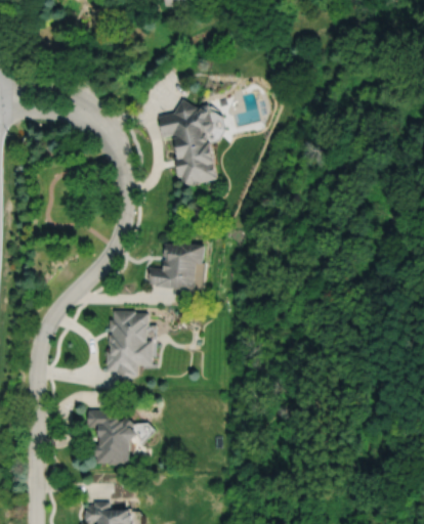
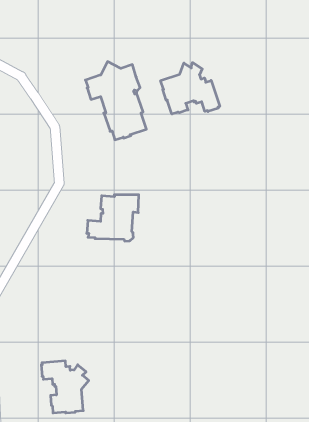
building: none -> [161,63,220,114]
building: [108,311,153,384] -> none

